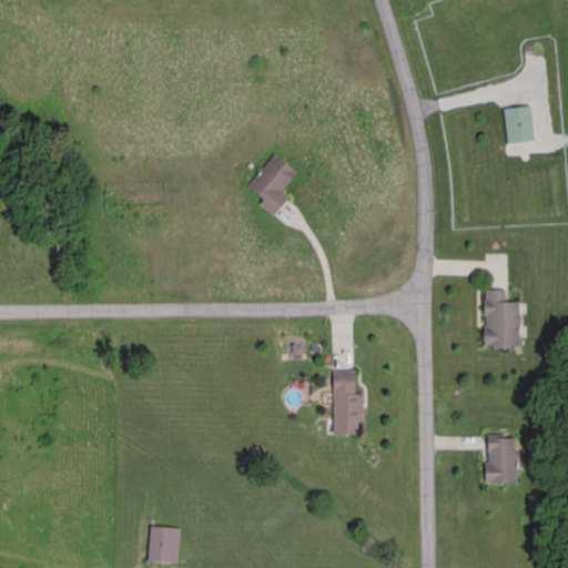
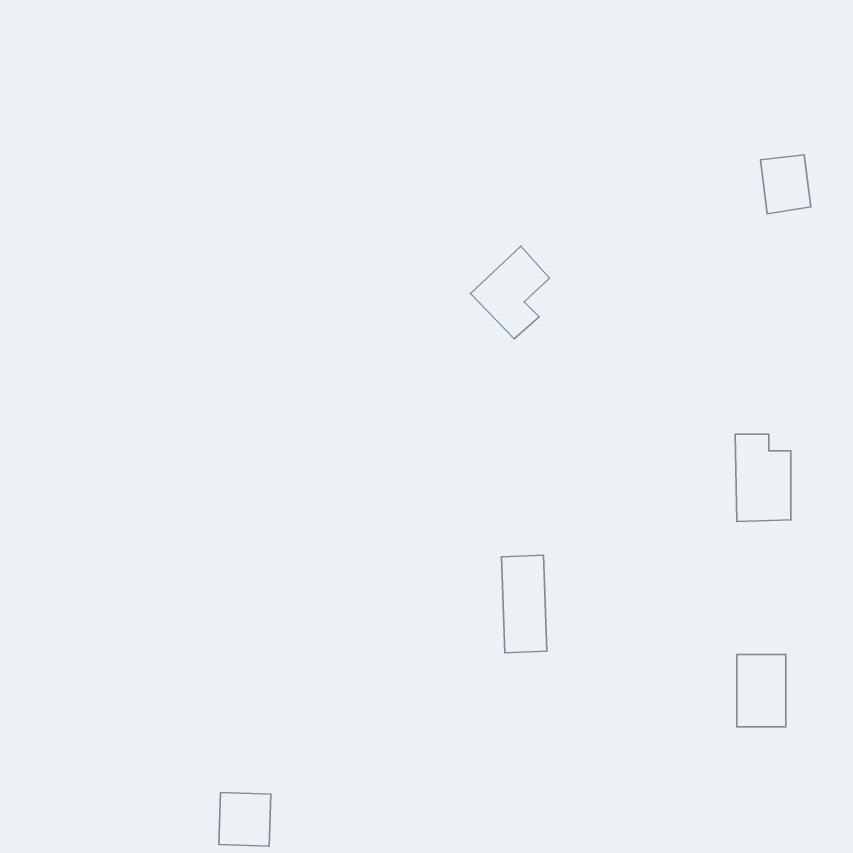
building: [244,155,296,216] -> [470,246,549,339]

